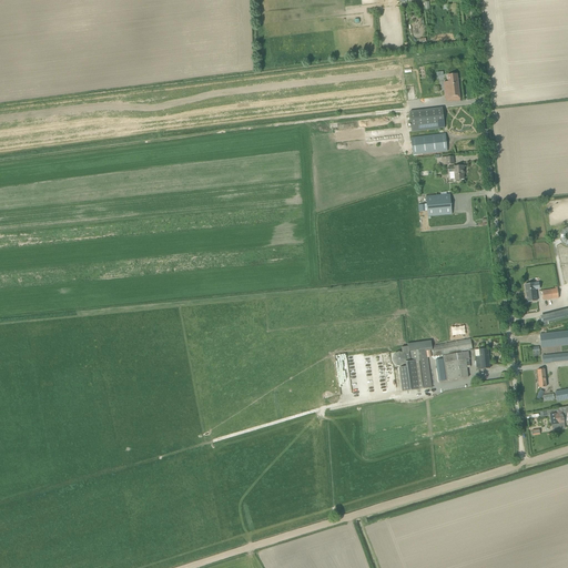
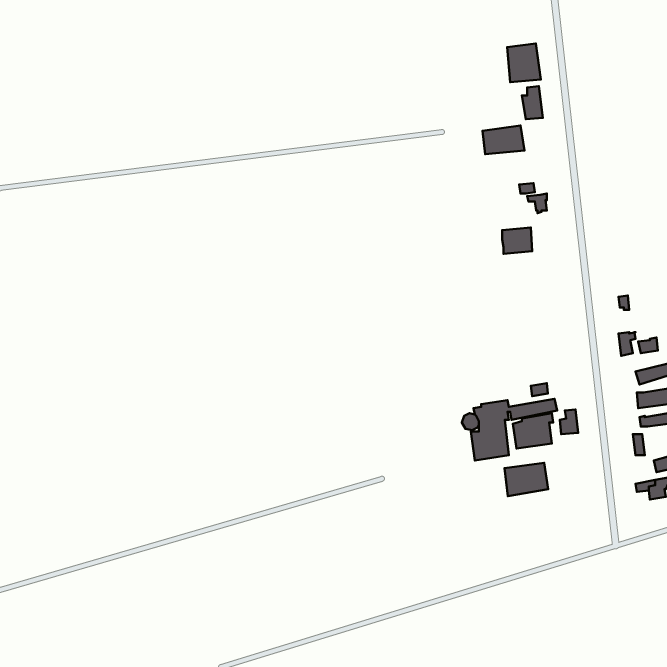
building: none -> [507,44,541,82]
building: [412,132,448,154] -> none
building: none -> [505,463,548,496]

